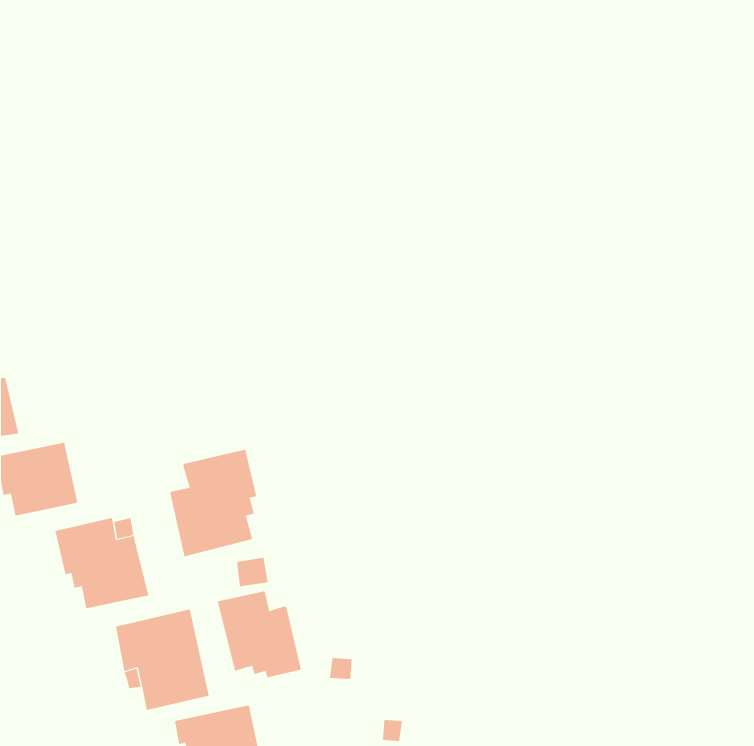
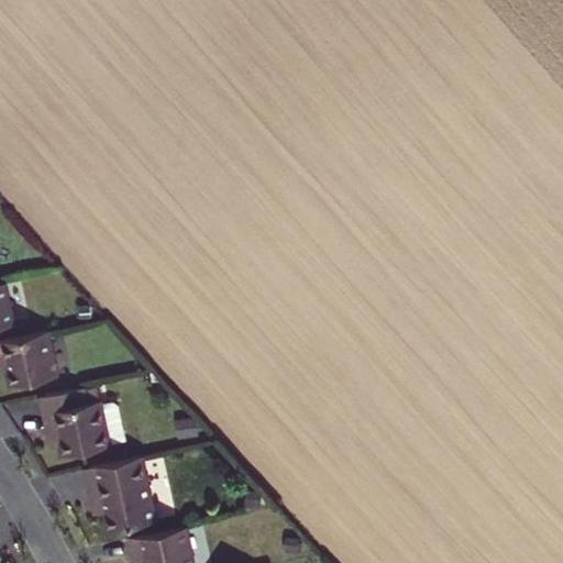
building: [170,449,257,557] -> none
building: [217,591,302,678] -> none

